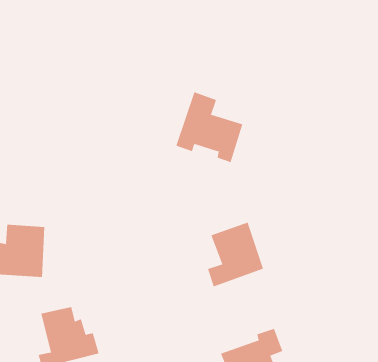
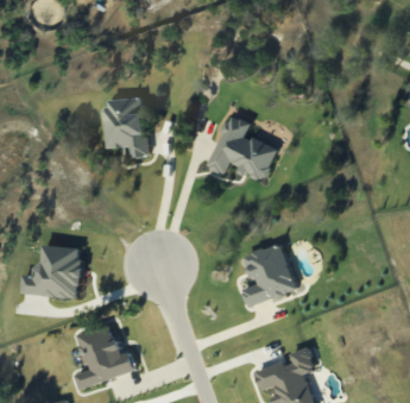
building: none -> [102,96,147,157]

